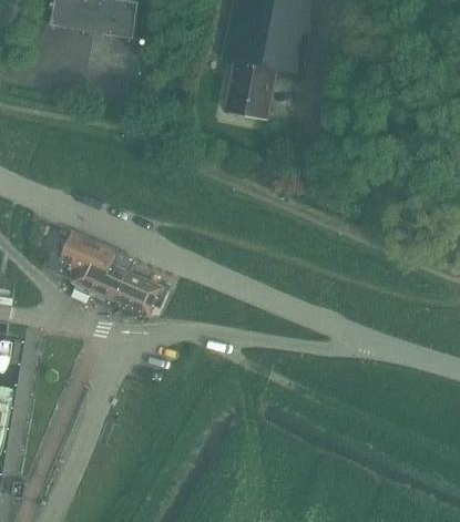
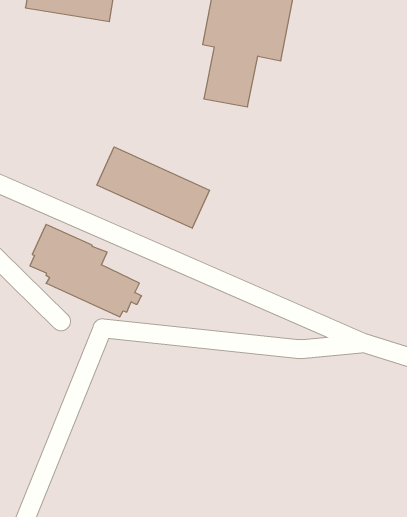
building: none -> [97,147,210,228]

